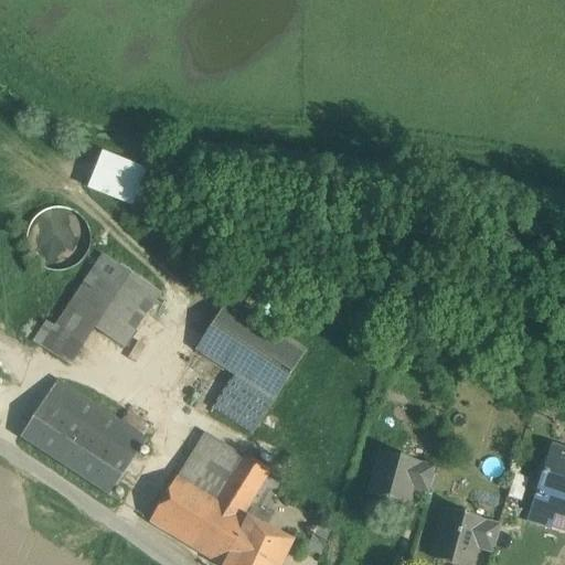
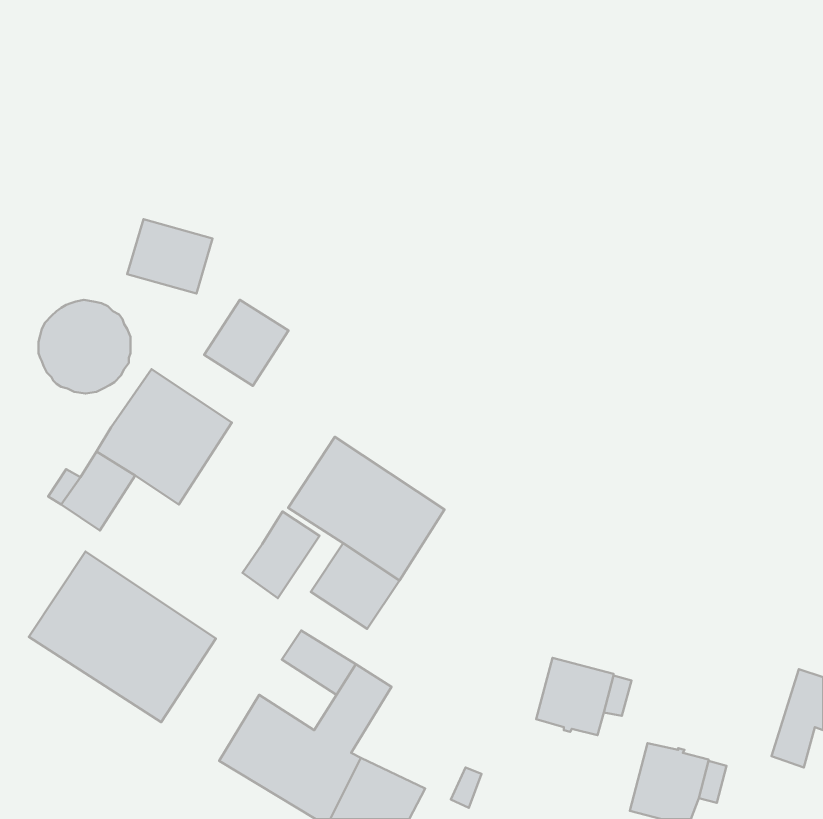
building: none -> [204,300,289,386]
building: none -> [242,512,320,598]
building: [178,451,231,500] -> none

